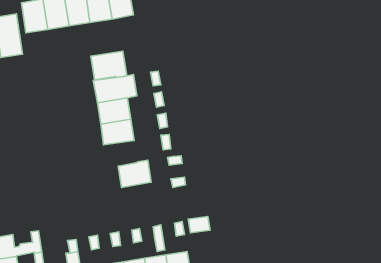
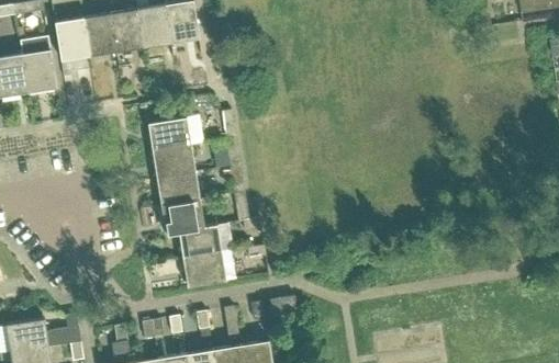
building: [91,51,127,80] -> none
building: none -> [159,198,203,234]
building: none -> [182,252,225,286]

